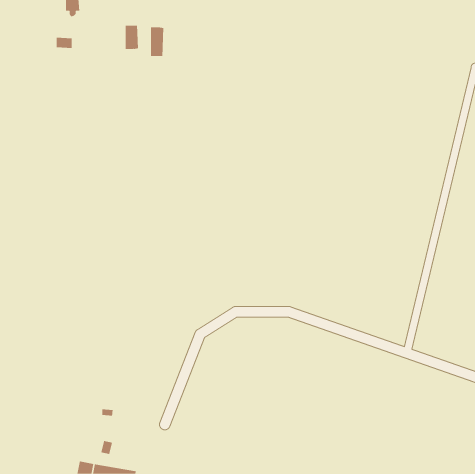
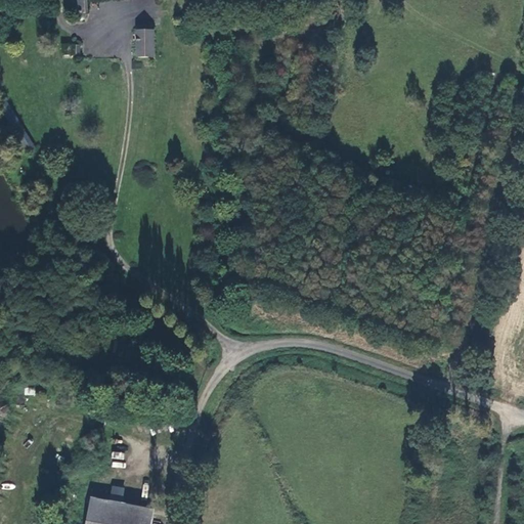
building: [151,26,164,57] -> none

